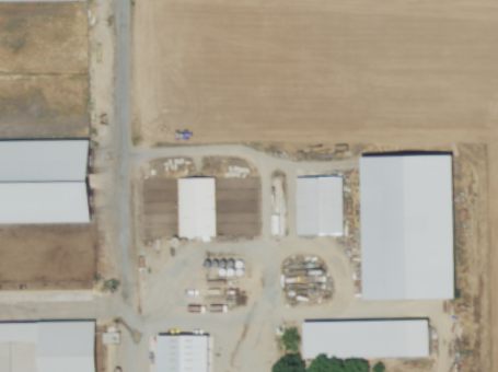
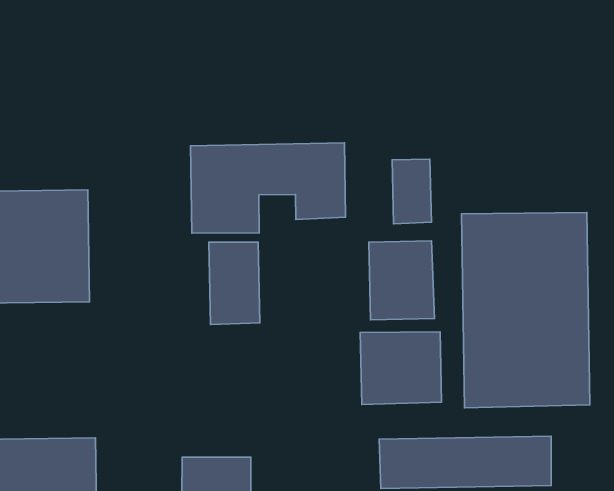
building: none -> [191,143,345,233]
building: none -> [392,159,431,224]
building: none -> [360,332,442,404]

